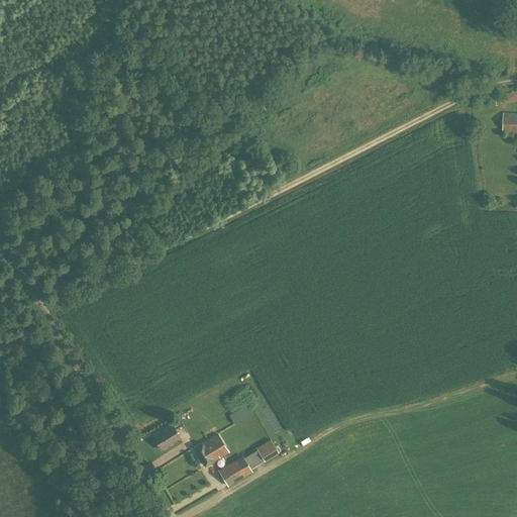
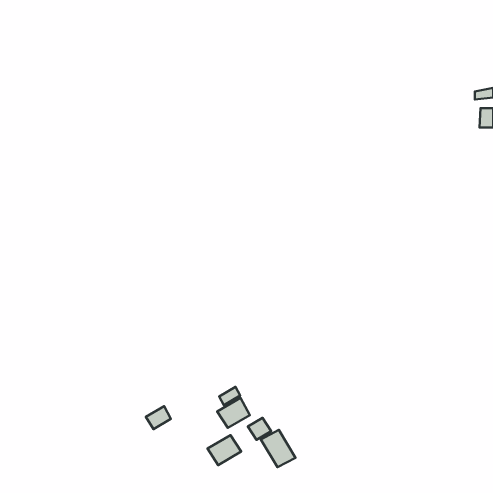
building: [194,434,228,466] -> [217,398,250,428]
building: none -> [261,430,295,467]

